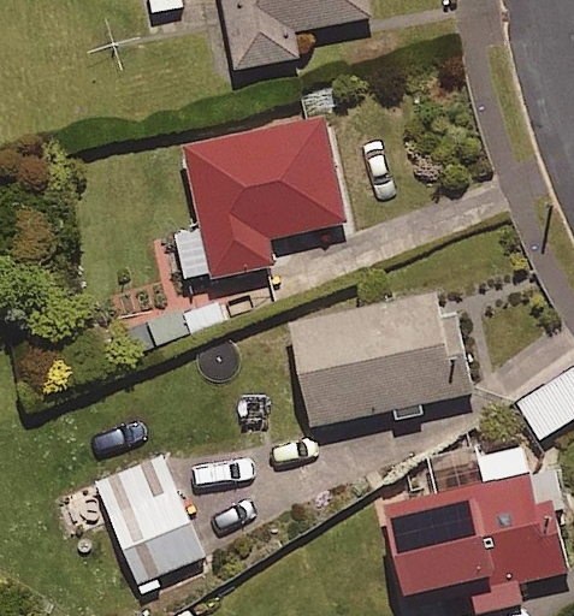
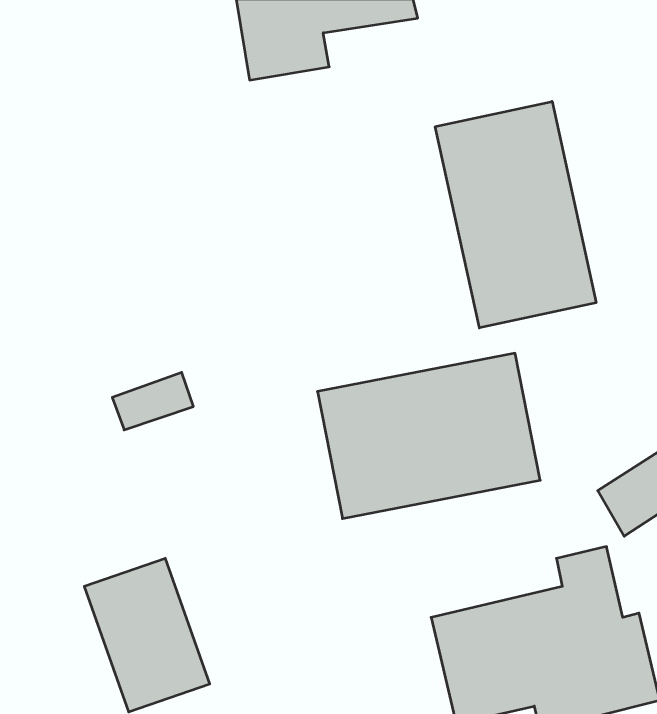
building: none -> [435,101,596,328]
building: [173,117,345,284] -> none

